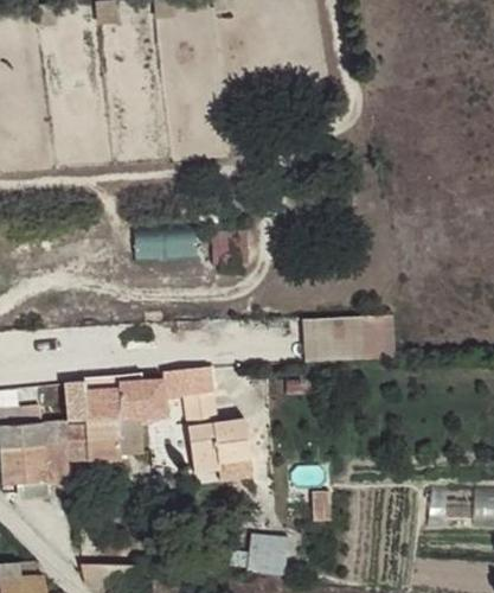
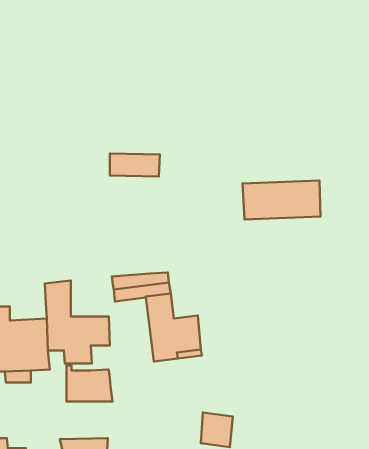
building: [307,313,399,359] -> [243,180,321,219]
building: [95,377,149,420] -> [66,365,112,401]

